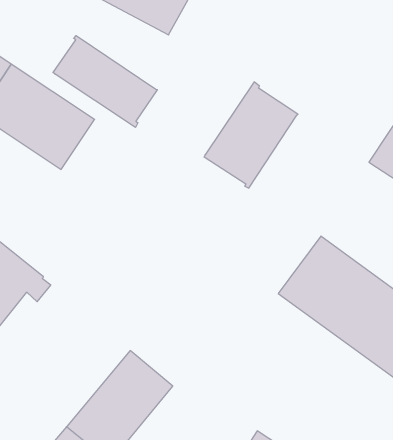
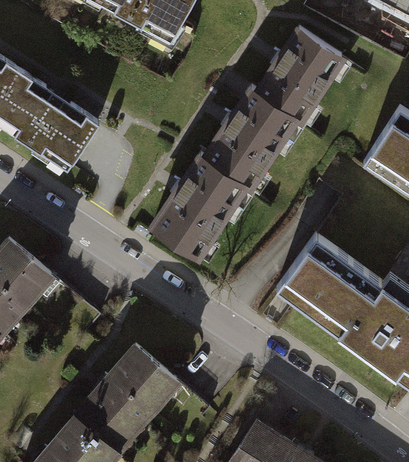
building: none -> [256,29,341,123]
building: [53,36,157,127] -> none
building: none -> [152,155,244,258]

